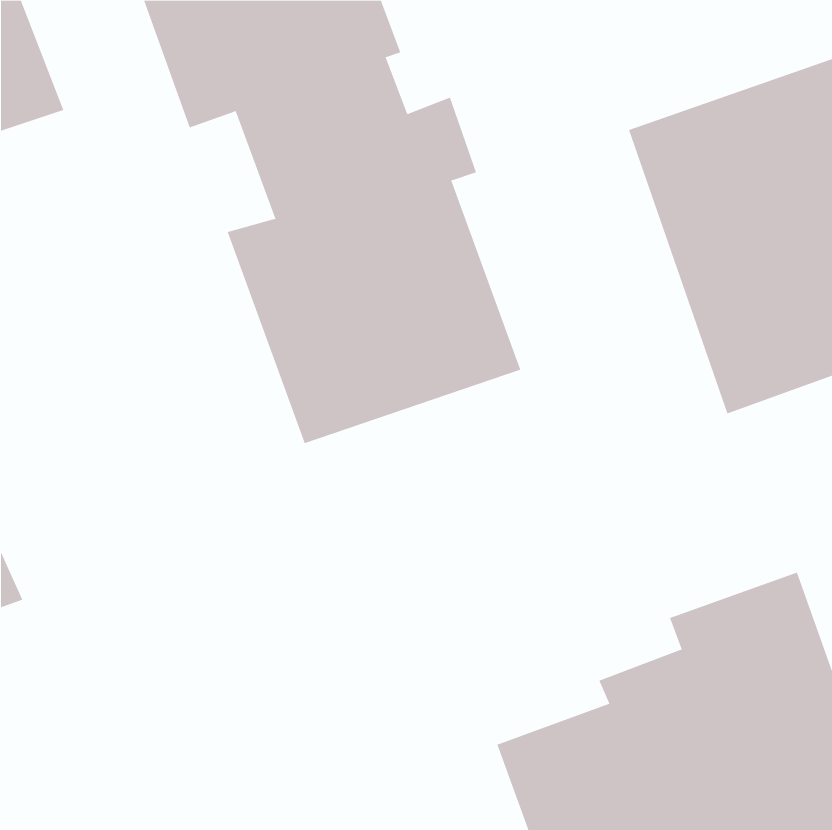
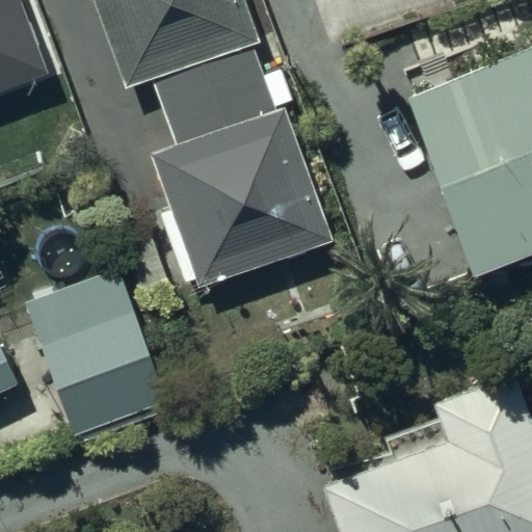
building: none -> [25,270,169,444]

